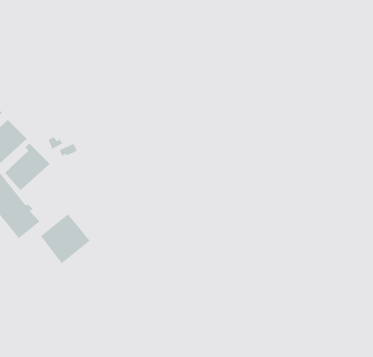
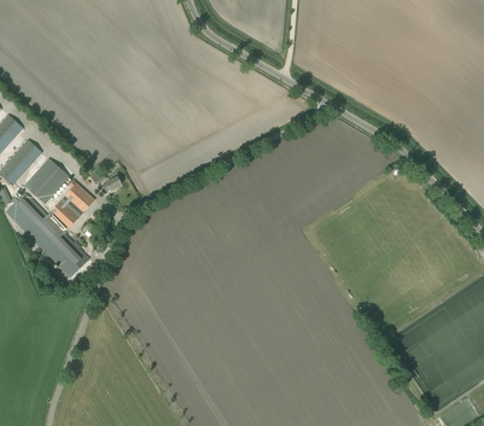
building: [40,214,91,264] -> none

